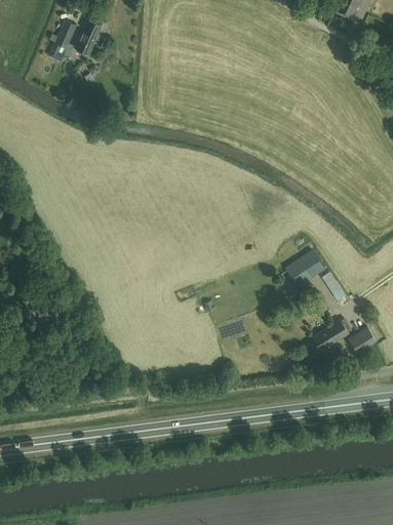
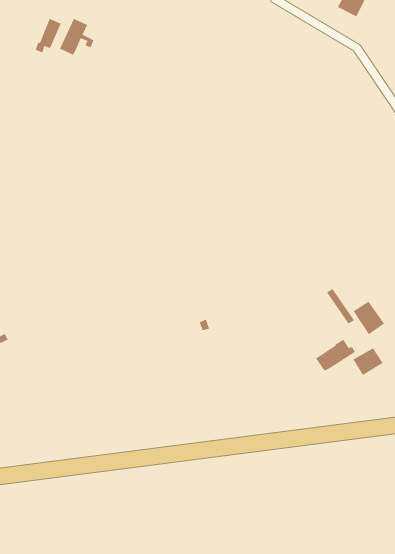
building: [285,250,324,286] -> none
building: none -> [353,301,385,335]

